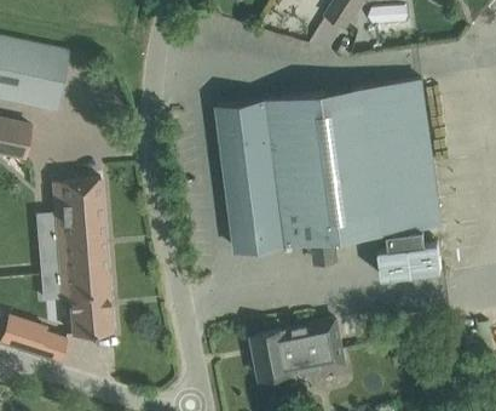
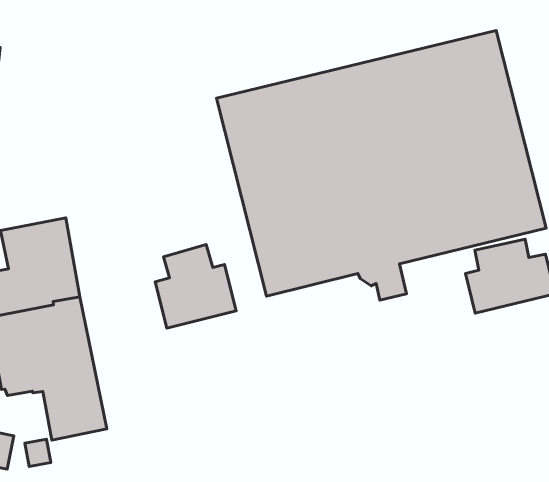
building: none -> [155,245,236,328]
building: [252,322,344,382] -> none

